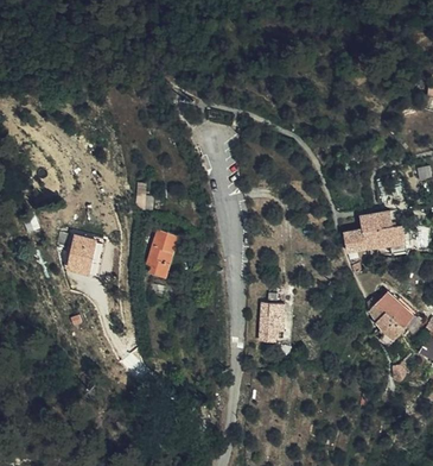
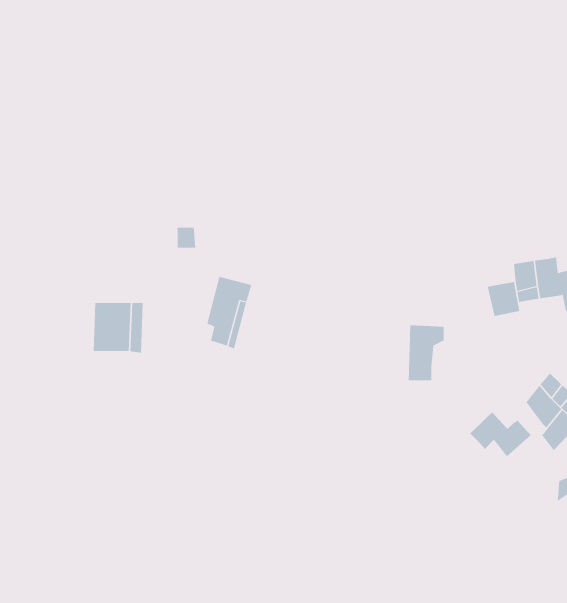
building: [257,304,282,342] -> [408,325,445,381]
building: none -> [470,412,532,457]

